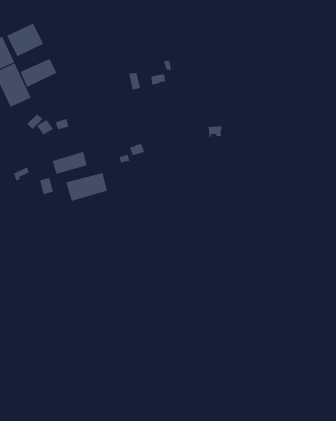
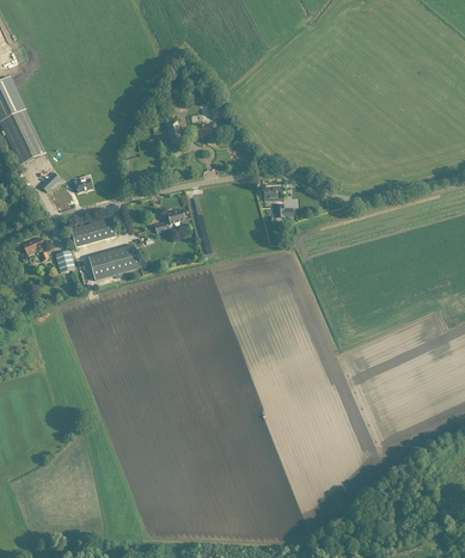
building: [6,23,44,57] -> none
building: [20,58,57,88] -> none

